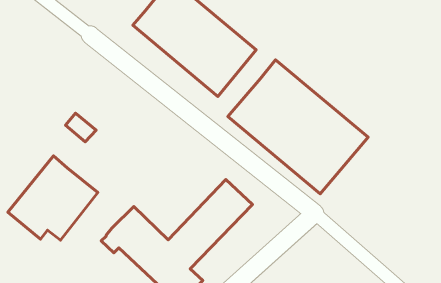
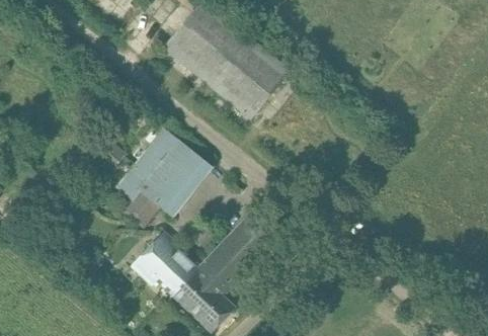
building: [228,60,368,194] -> none
building: [8,156,98,240] -> [117,130,210,216]

